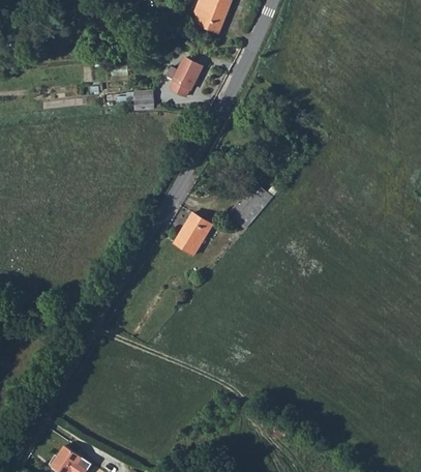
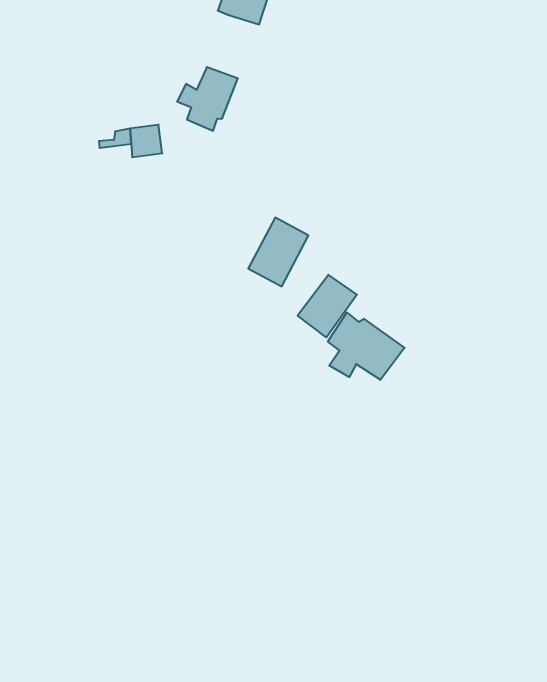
building: [174,212,212,255] -> [248,218,308,286]
building: none -> [328,312,405,380]

